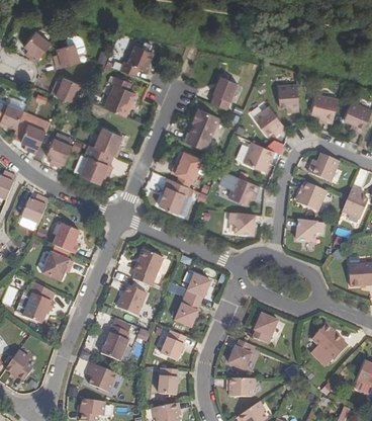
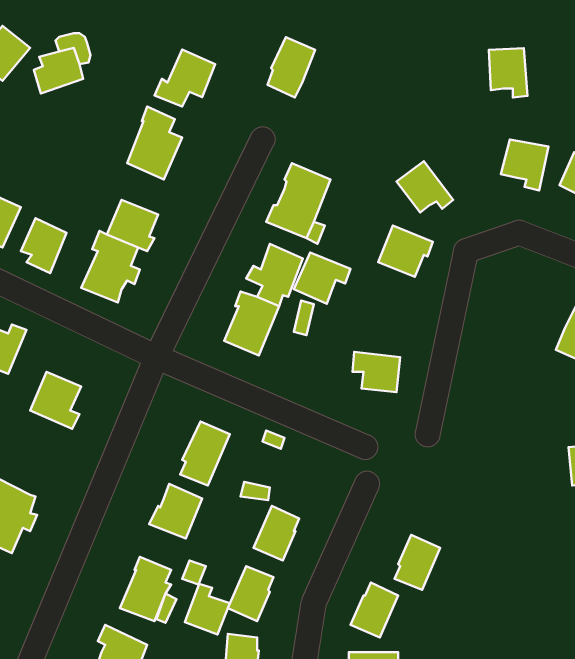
building: [210,76,237,109] -> [267,37,315,97]
building: [51,77,80,102] -> none
building: [277,84,298,111] -> [489,48,527,98]
building: [307,152,339,181] -> none
building: [227,176,259,204] -> [294,252,351,304]
building: [297,181,326,210] -> none
building: [295,220,322,241] -> none
building: [41,252,72,280] -> none
building: [184,273,210,304] -> none
building: [310,323,347,359] -> none
building: none -> [185,584,230,635]

